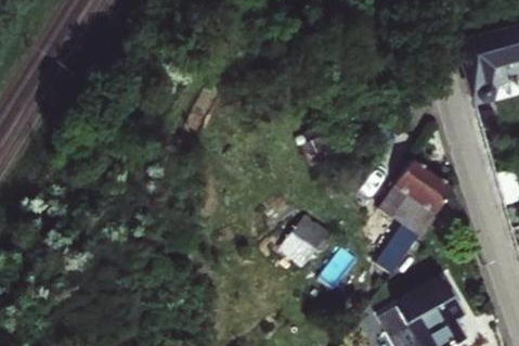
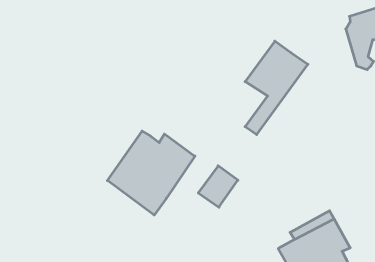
building: [378,161,454,273] -> [245,41,308,135]
building: none -> [107,131,195,215]

